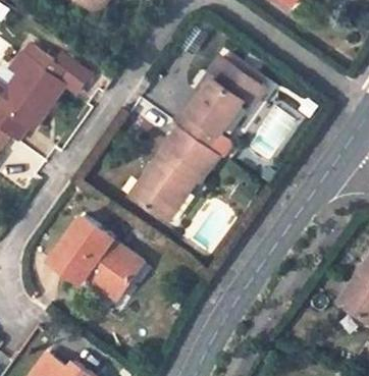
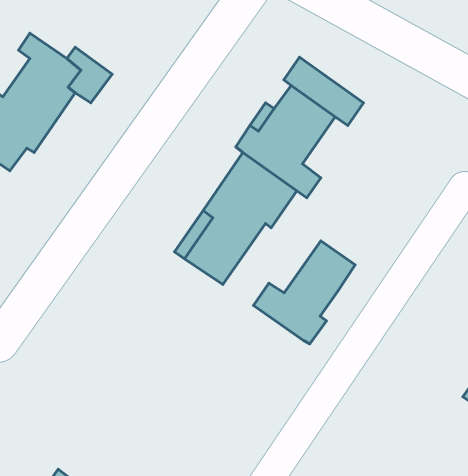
building: none -> [253,241,355,344]
building: [48,216,140,297] -> none

